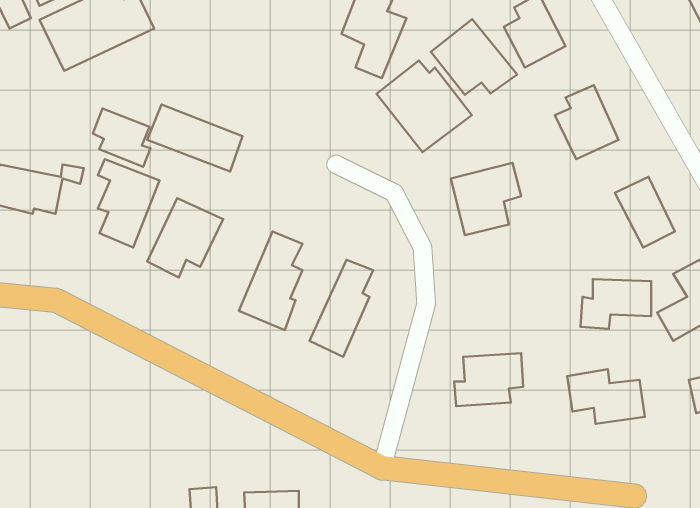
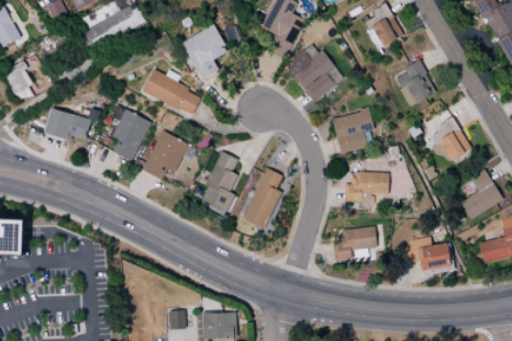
building: [431,19,517,95] -> none
building: none -> [181,25,229,81]
building: [93,108,151,167] -> none
building: [581,279,651,329] -> [344,172,388,203]

